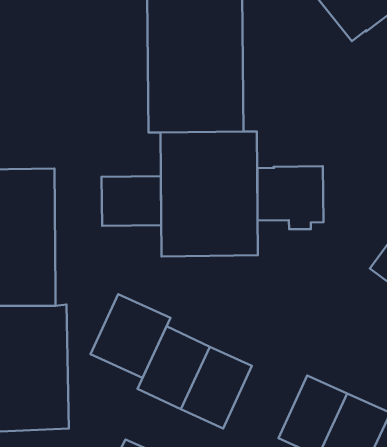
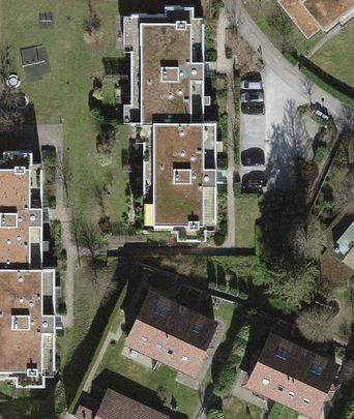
building: [257,166,323,229] -> none
building: [102,176,161,226] -> none
building: [90,294,170,378] -> none

